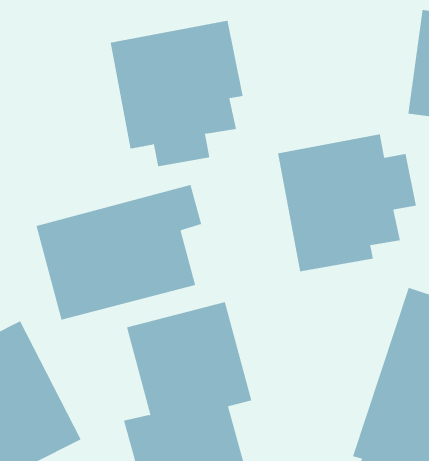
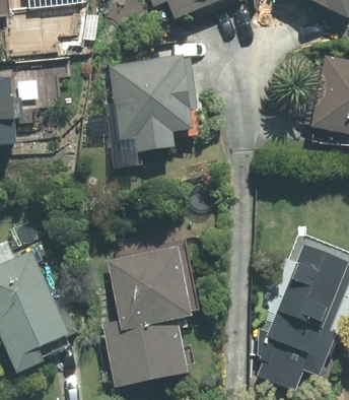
building: [277,134,416,272] -> none
building: [36,184,202,321] -> none

